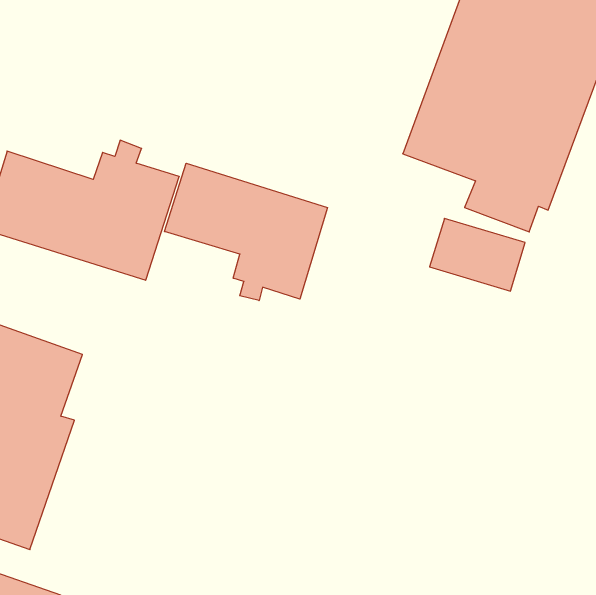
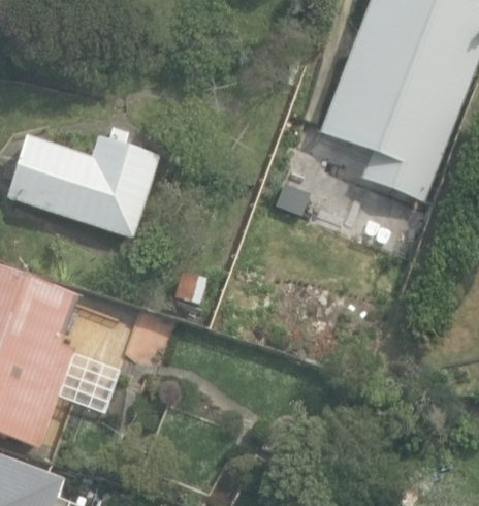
building: [165,163,328,301] -> none

